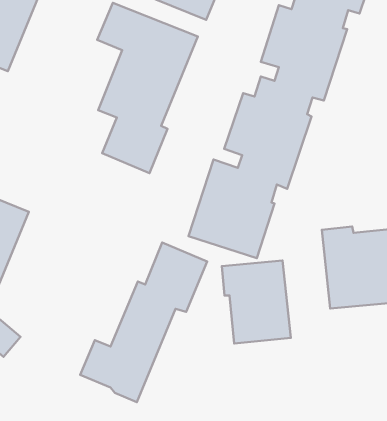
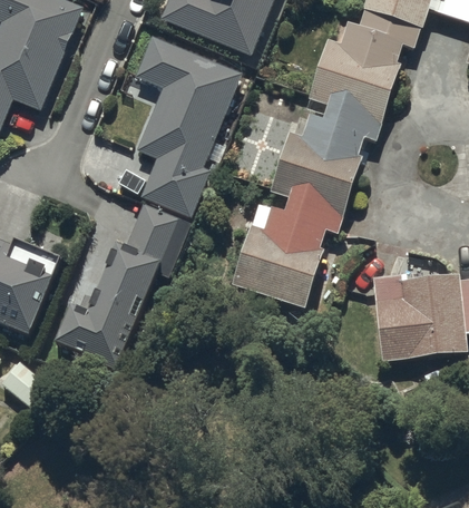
building: [80,243,207,402] -> [56,204,190,373]
building: [222,260,291,344] -> none

